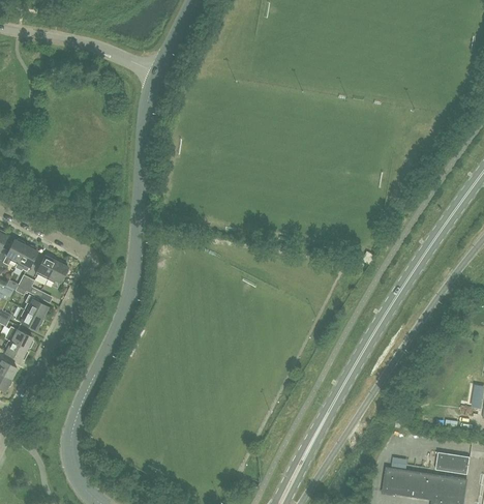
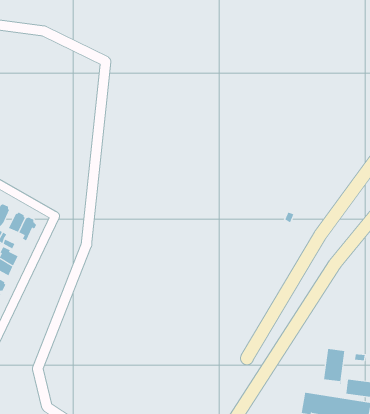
building: none -> [324,348,345,384]

